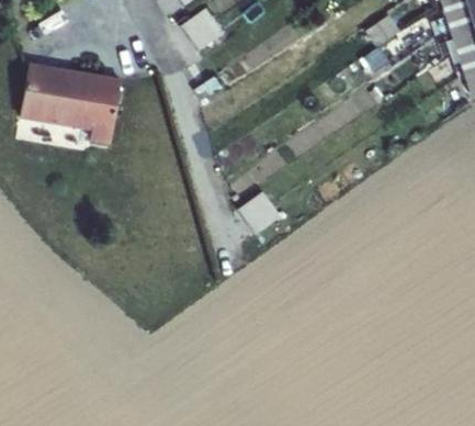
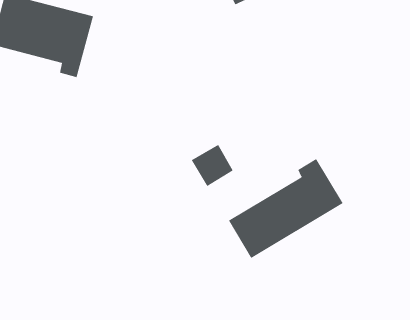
building: none -> [228,158,344,259]

